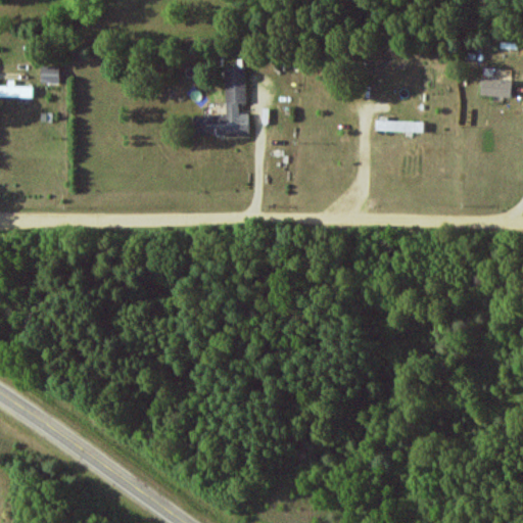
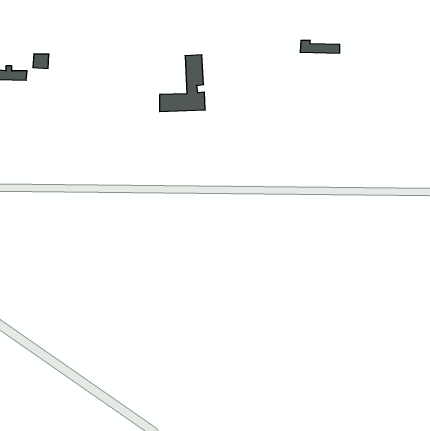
building: [480,79,512,98] -> none
building: [376,116,424,132] -> [300,40,340,53]

